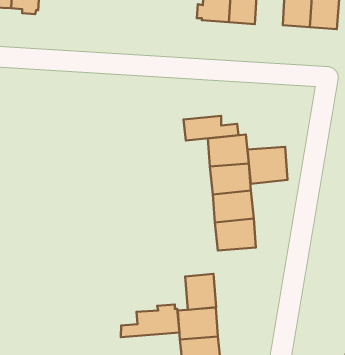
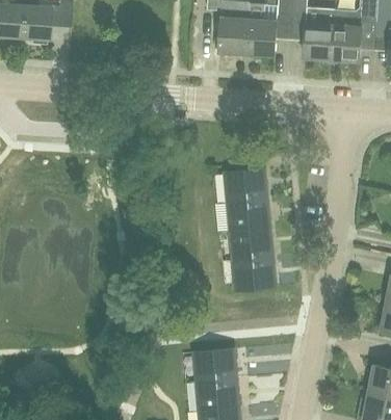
building: [183,116,238,141] -> none
building: [247,147,288,184] -> none
building: [185,274,216,310] -> none
building: [121,304,179,337] -> none

